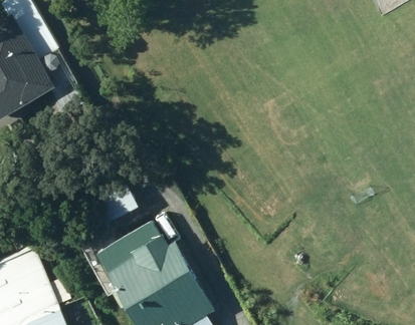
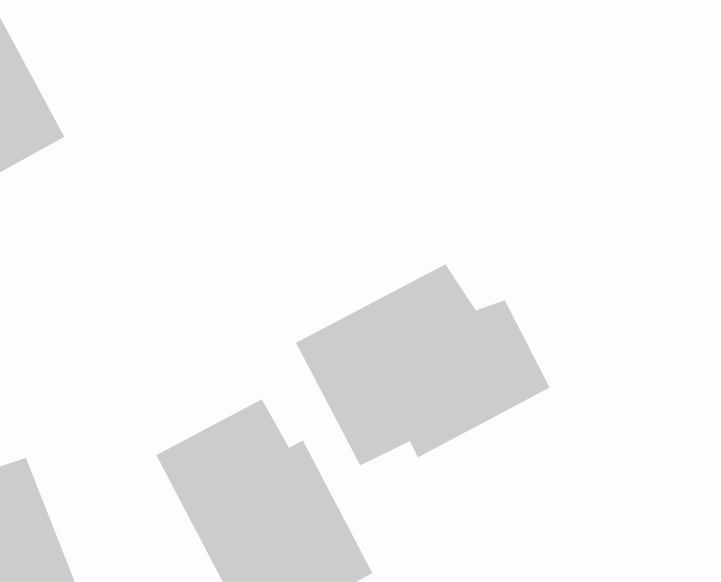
building: none -> [295,263,551,466]

